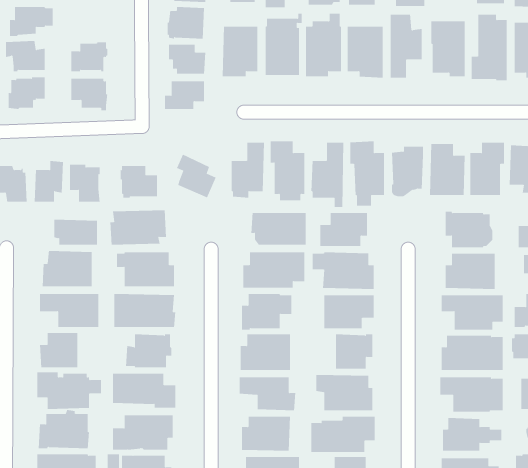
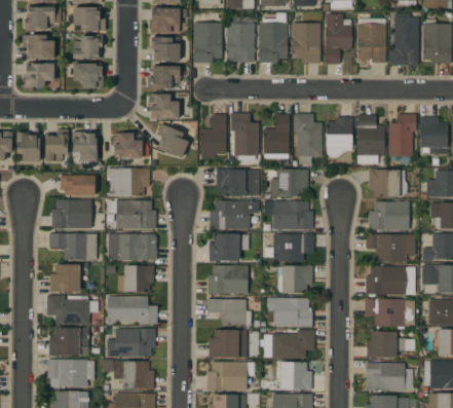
building: none -> [74,7,106,31]
building: none -> [150,94,180,119]

